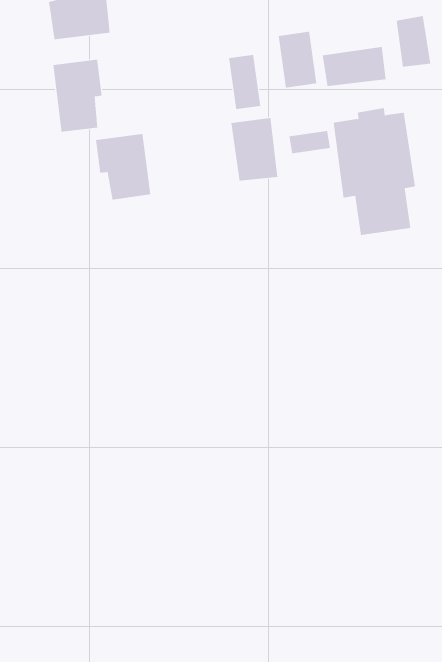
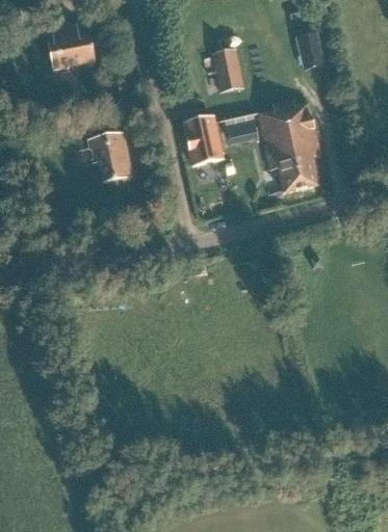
building: [322,46,386,87] -> none
building: [228,54,261,110] -> none
building: [53,59,102,133] -> none

